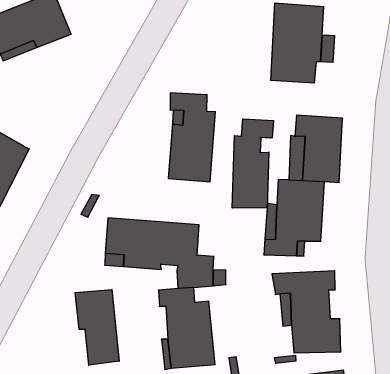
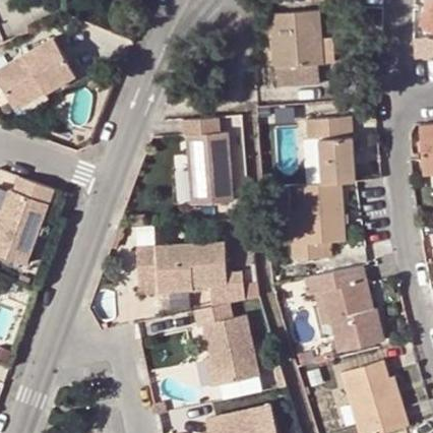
building: [232,119,274,208] -> none
building: [75,289,119,365] -> none

